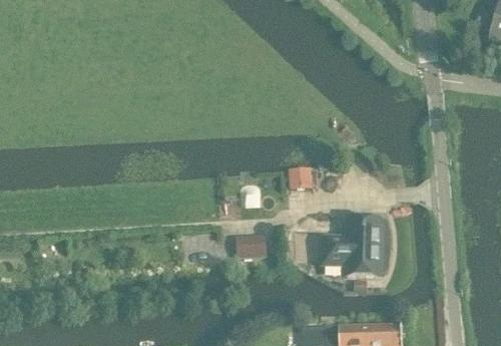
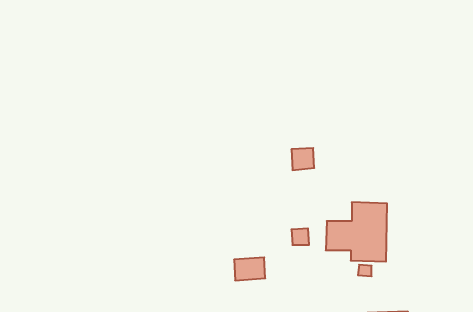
building: [236,235,267,257] -> [234,257,265,280]

